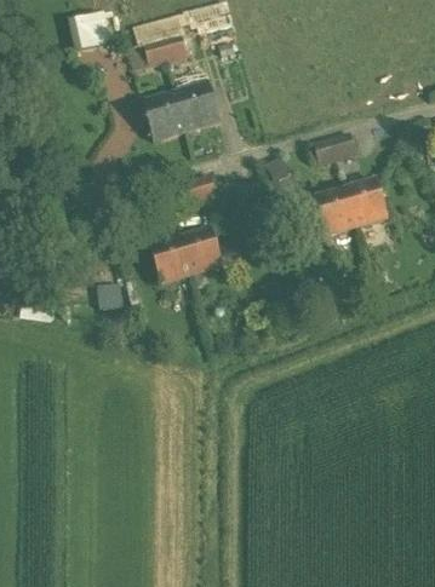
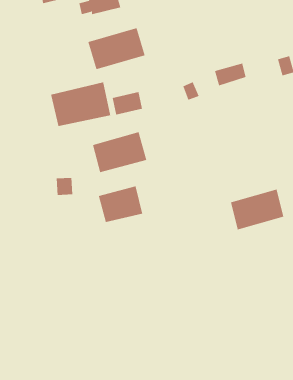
building: none -> [50,82,111,127]
building: [313,179,385,235] -> [230,189,284,230]
building: none -> [98,186,143,223]

